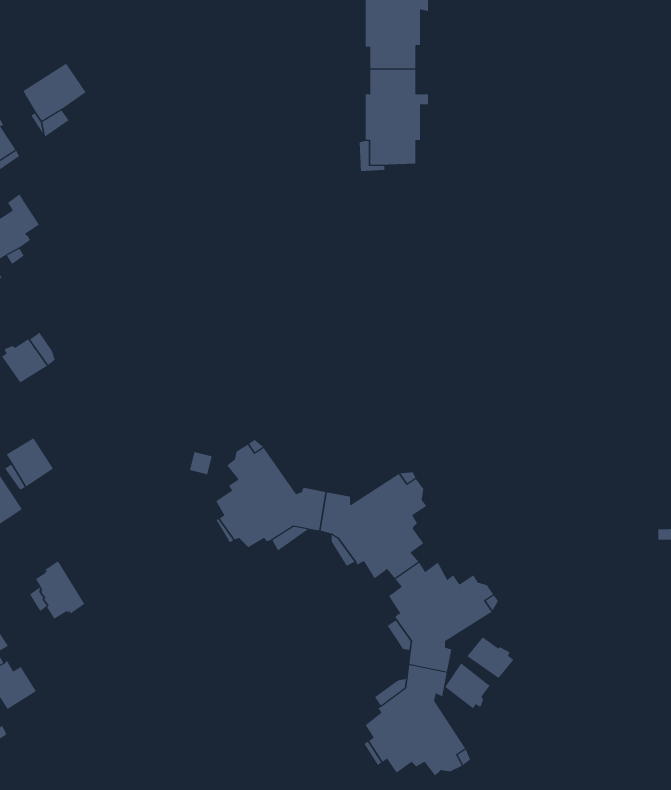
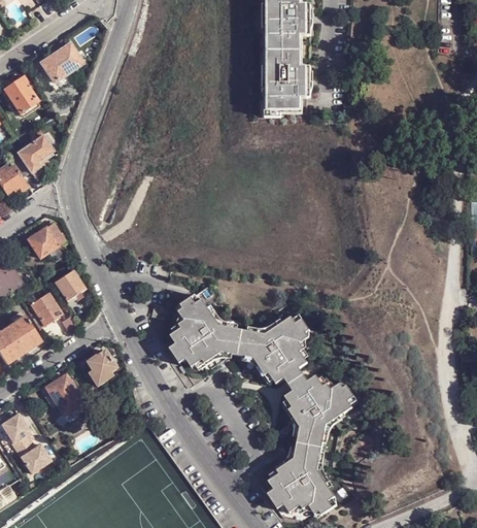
building: none -> [54,268,82,299]
building: none -> [87,350,115,384]
building: [467,636,514,679] -> none
building: [445,663,491,709] -> none

